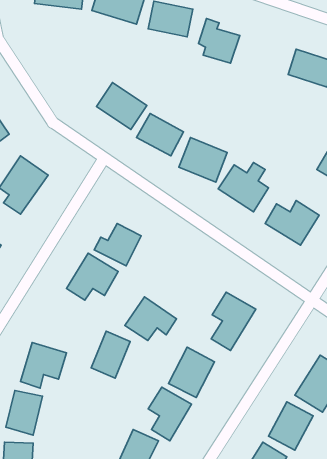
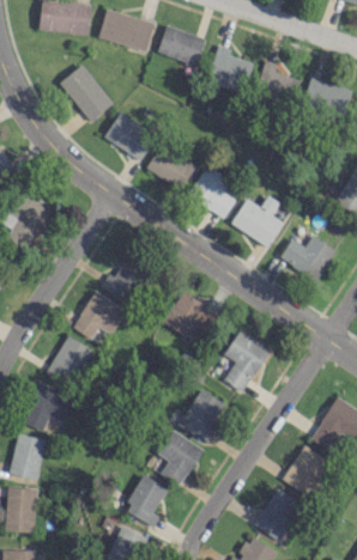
building: none -> [59,65,114,122]
building: none -> [256,65,302,102]
building: [125,297,177,340] -> [163,292,217,337]
building: [91,331,130,378] -> [48,336,89,385]

